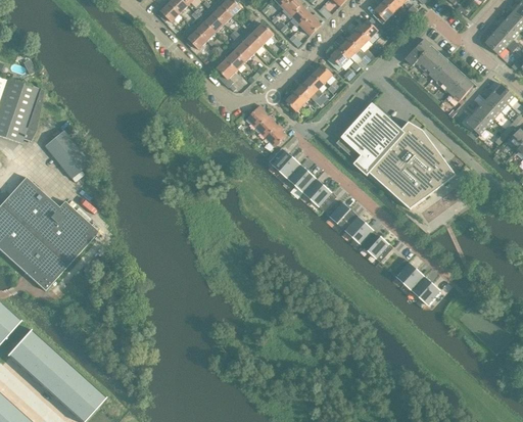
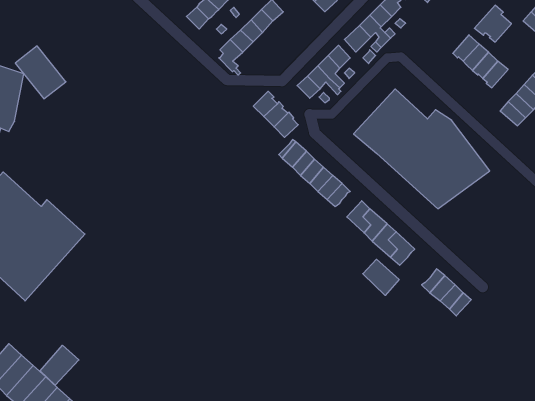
building: [405,38,437,71] -> [474,5,511,42]
building: [44,130,89,177] -> [15,46,66,99]
building: none -> [363,259,399,295]
building: none -> [40,345,79,385]

